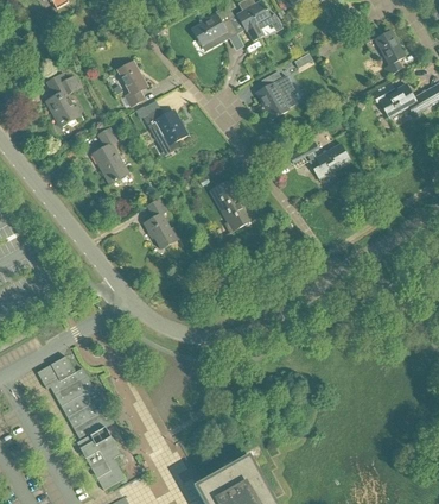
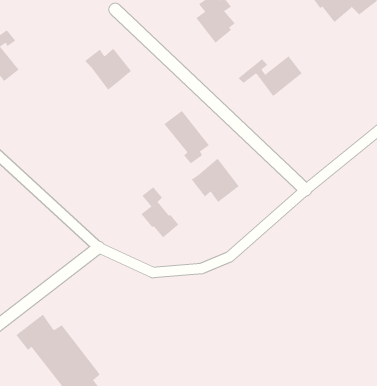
building: [117,61,147,106] -> none
building: [93,126,129,183] -> none
building: [144,197,179,248] -> [141,186,179,238]
building: none -> [191,158,239,203]

